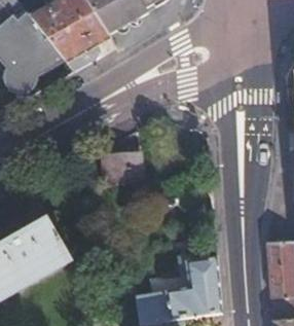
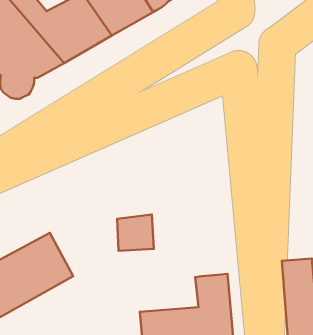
building: [104,150,138,184] -> [117,214,154,251]

